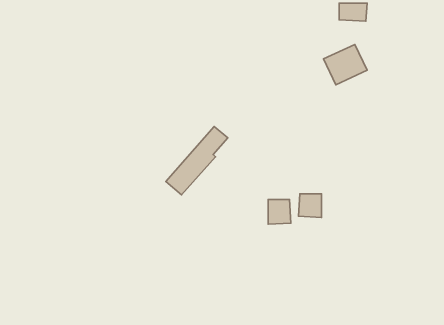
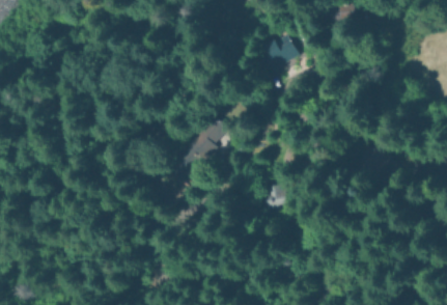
building: [323,44,367,85] -> [260,32,301,70]
building: [299,194,322,217] -> none

